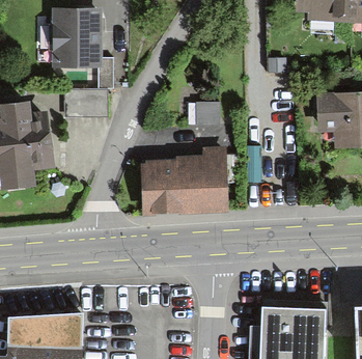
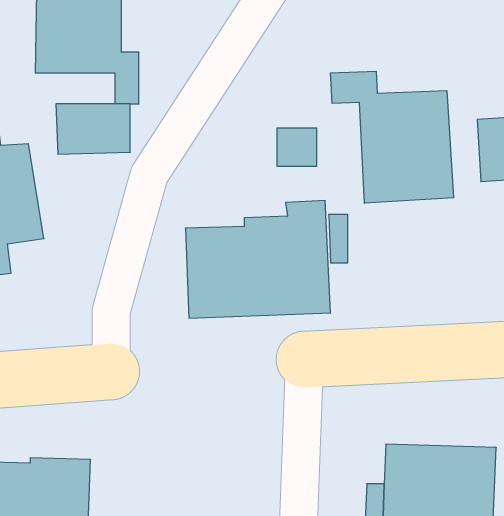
building: none -> [331,71,454,203]

